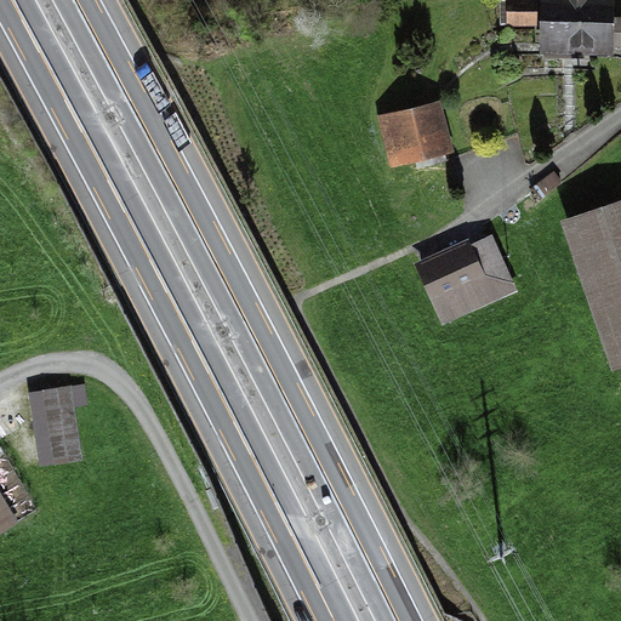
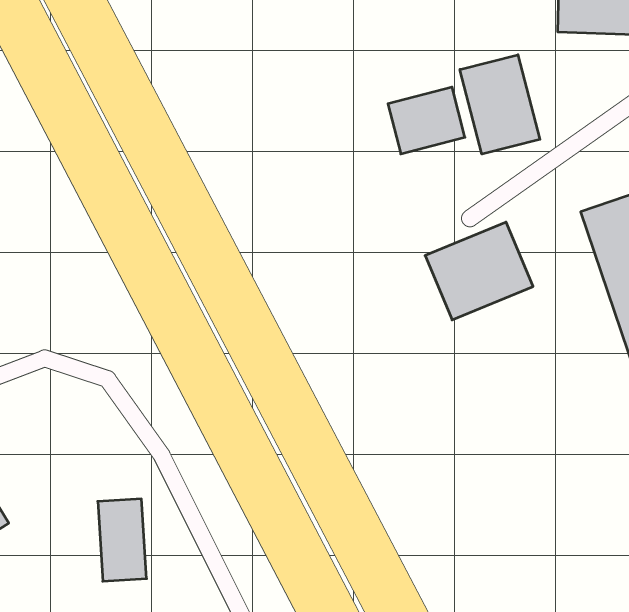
building: none -> [460,55,540,154]
building: [32,377,78,455] -> [98,499,147,581]

